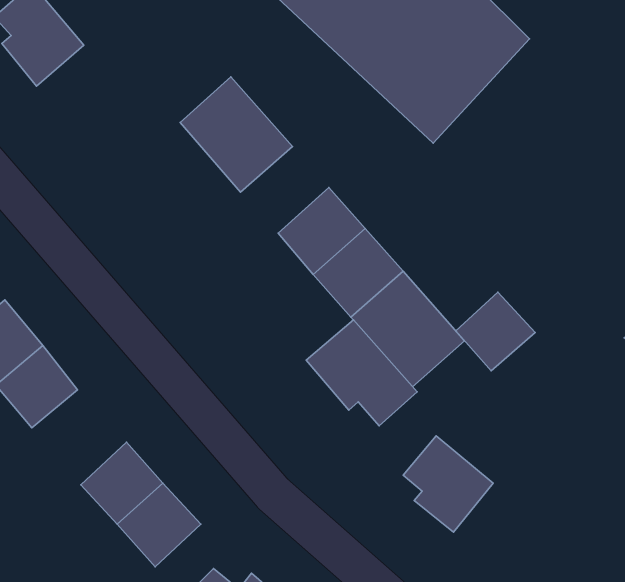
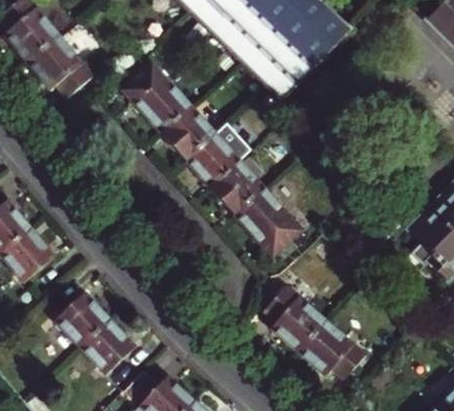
building: none -> [28,36,93,97]
building: none -> [160,101,217,158]
building: [456,292,535,371] -> none
building: [306,320,417,426] -> none
building: none -> [298,320,363,376]

